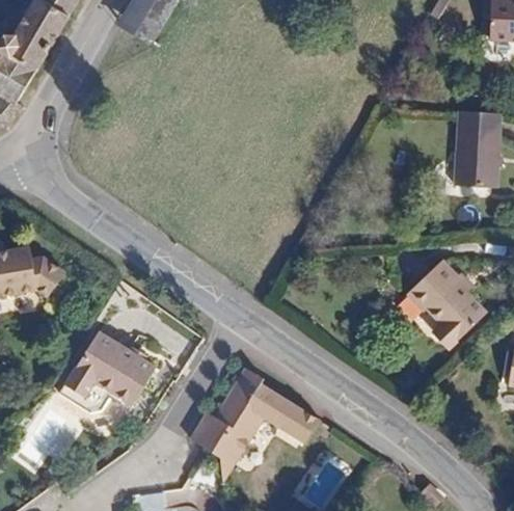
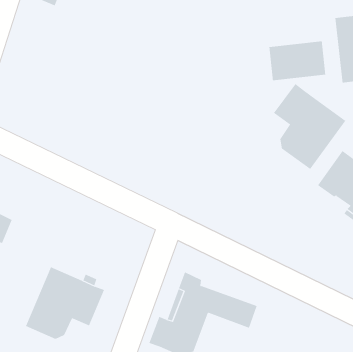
building: none -> [269,40,326,81]
building: none -> [273,83,346,170]

